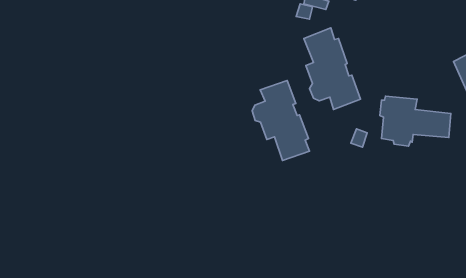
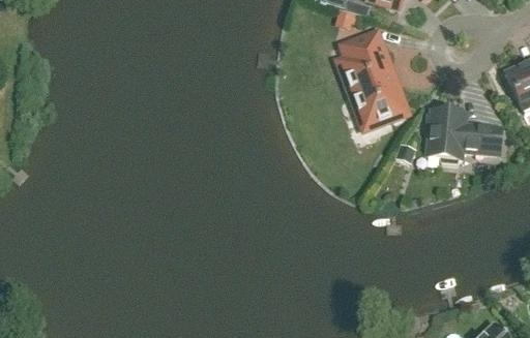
building: [252,80,309,160] -> none

